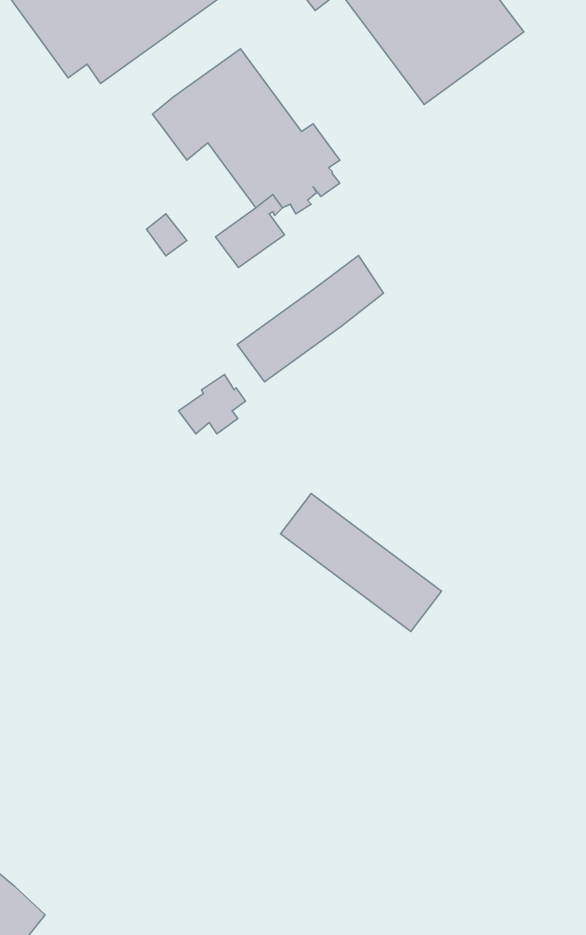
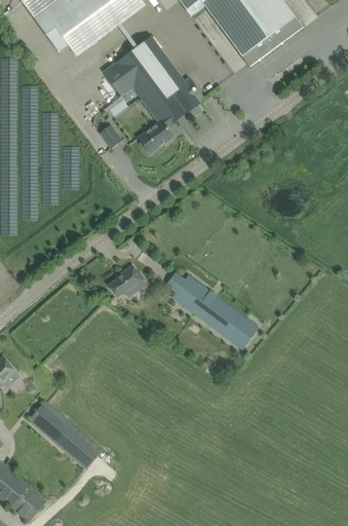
building: [237,255,384,382] -> none
building: [179,374,246,434] -> [108,265,144,297]
building: none -> [28,400,102,468]

